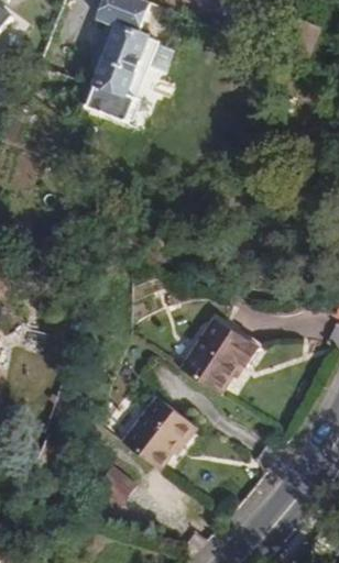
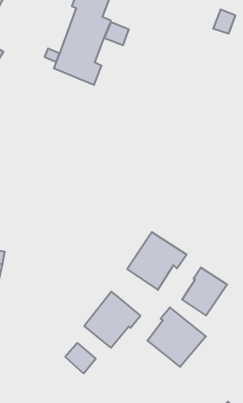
building: none -> [182,267,227,315]
building: none -> [147,307,206,367]

